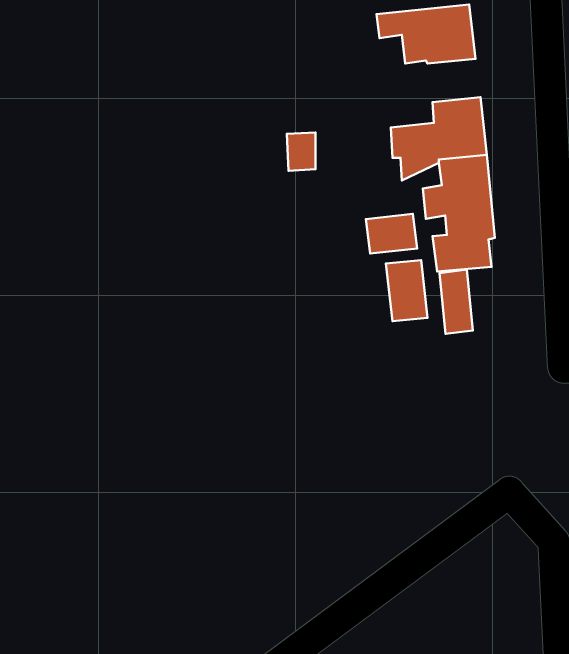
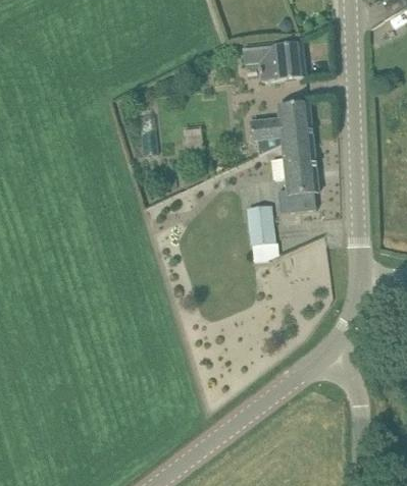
building: [366,214,417,254] -> none
building: [440,270,473,334] -> none

